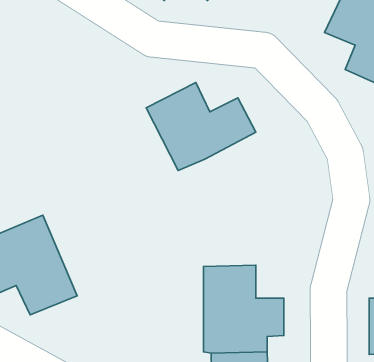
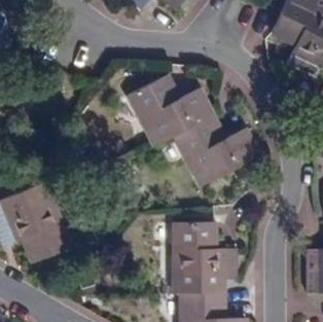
building: none -> [173,114,259,185]

